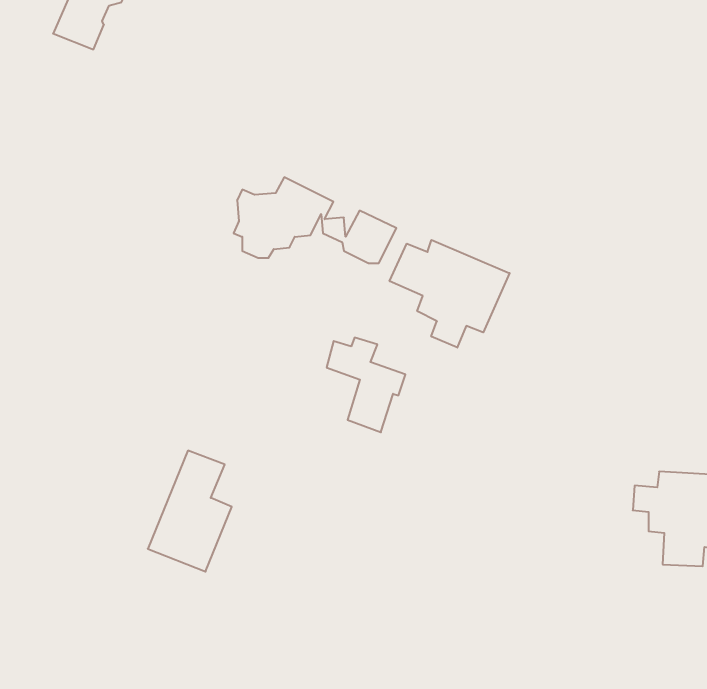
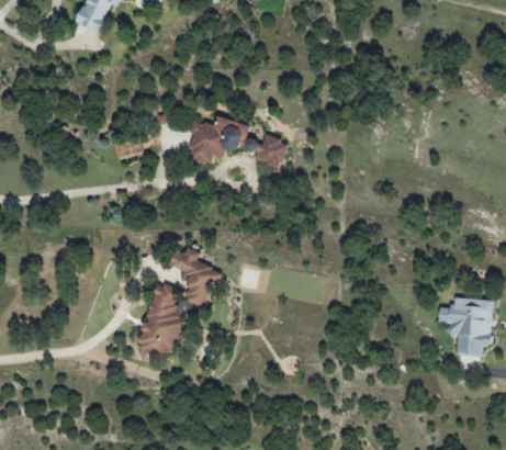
building: [390,240,510,348] -> none
building: [327,338,405,432] -> [170,248,220,307]

